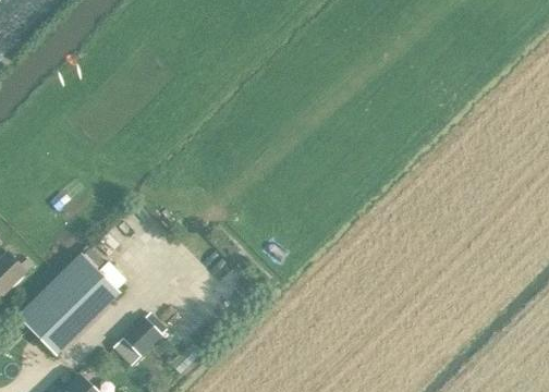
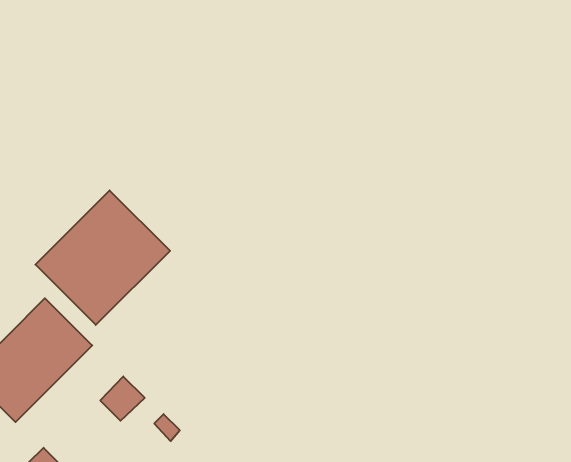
building: none -> [35,190,170,325]

